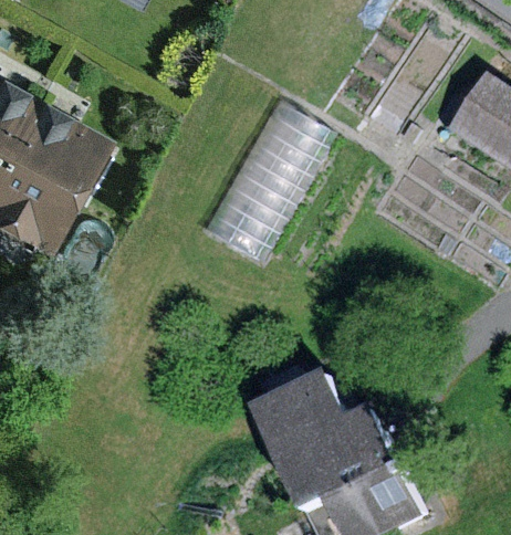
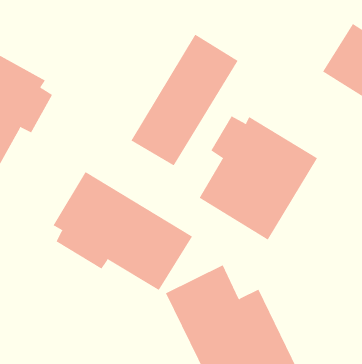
building: none -> [199,115,318,241]
building: none -> [53,171,193,291]

